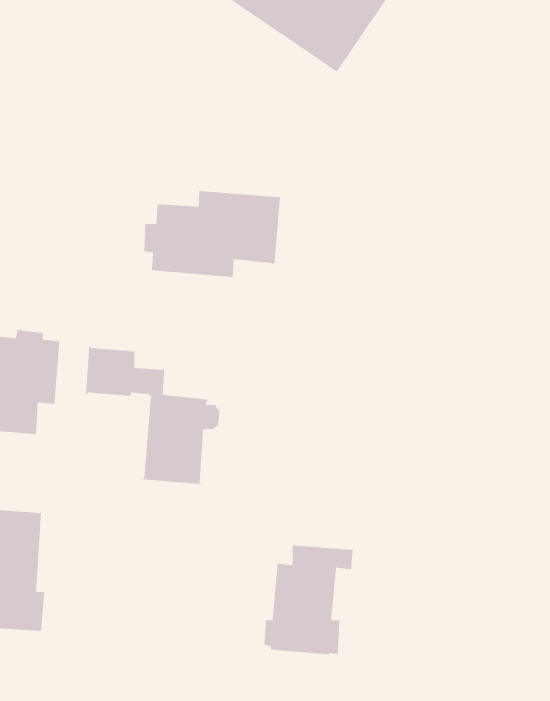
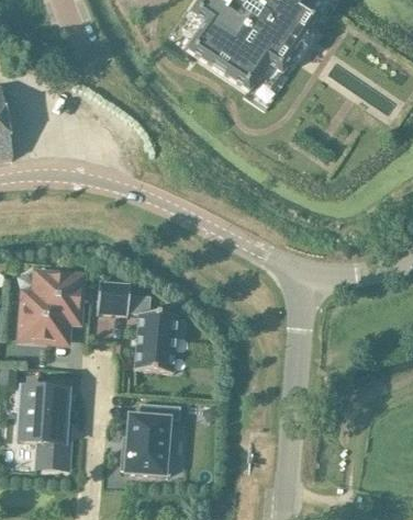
building: [144,190,280,278] -> none
building: [264,545,354,655] -> [120,403,179,475]

